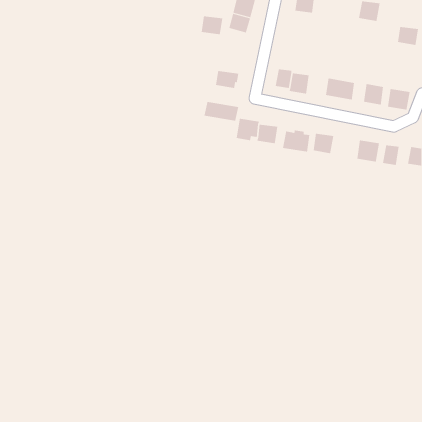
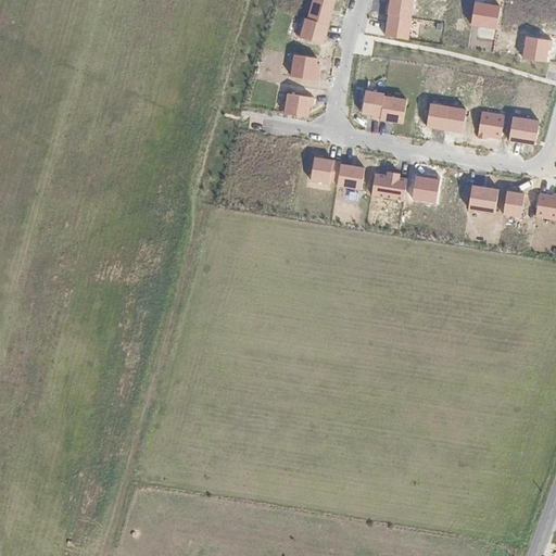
building: none -> [383,14,412,38]
building: [201,16,223,35] -> [290,54,319,79]
building: [204,101,239,122] -> none

